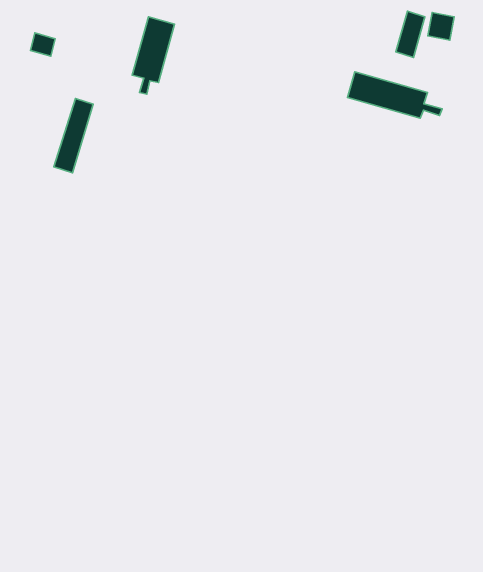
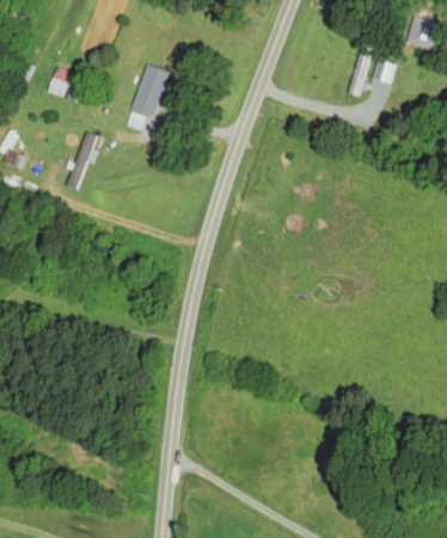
building: [347,72,442,118] -> none

